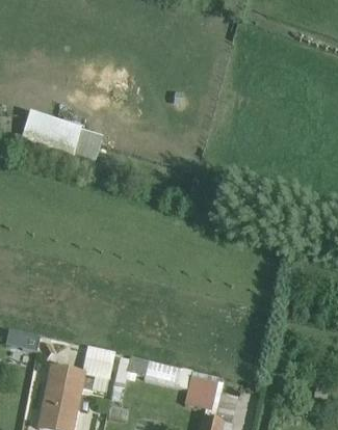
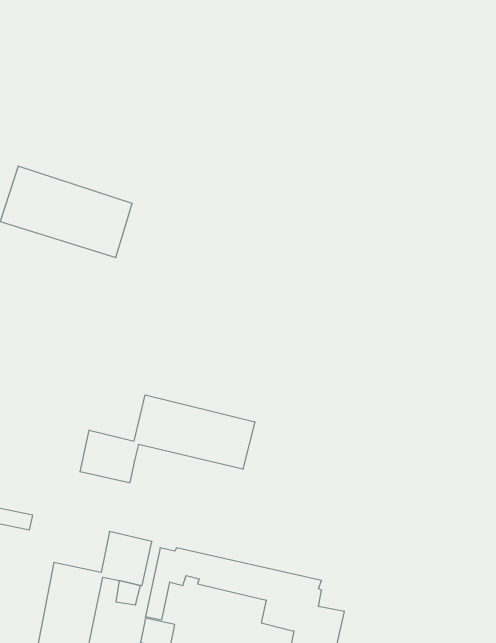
building: none -> [80,395,255,483]

